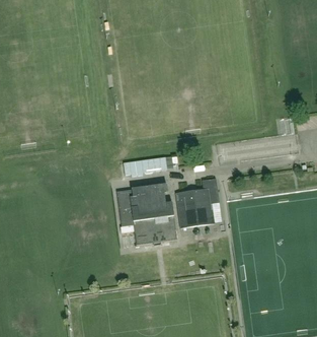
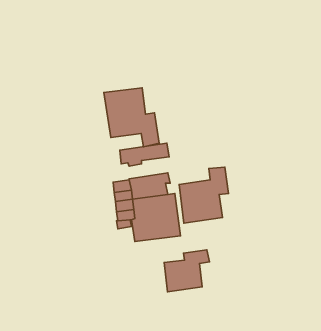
building: none -> [104,88,159,147]
building: none -> [164,250,209,292]

